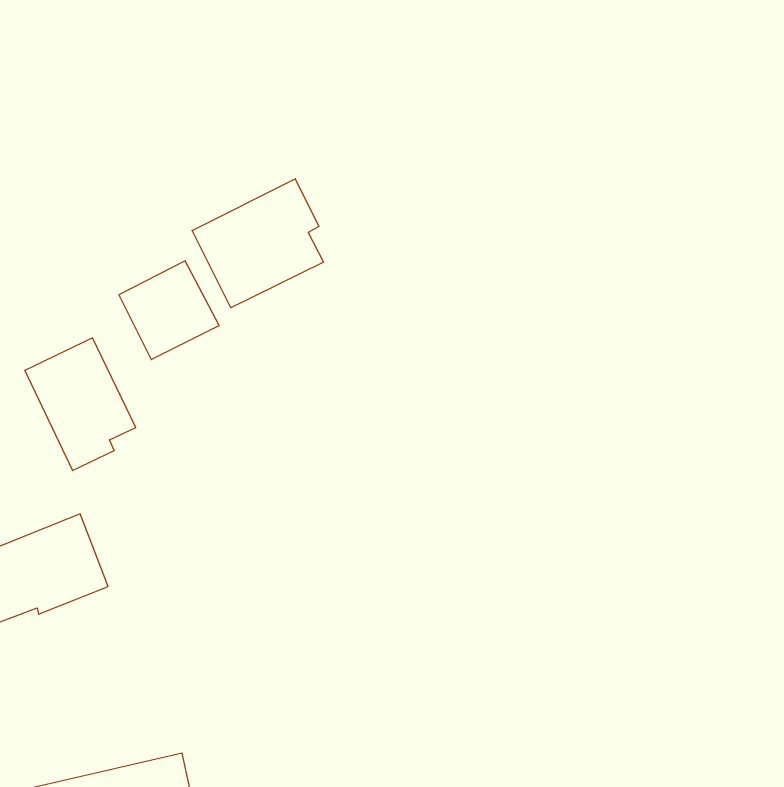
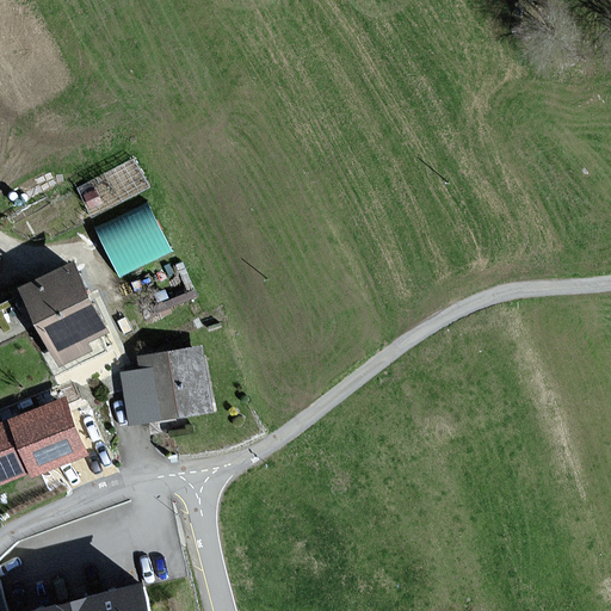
building: [192,179,323,308] -> none
building: none -> [121,348,209,425]

